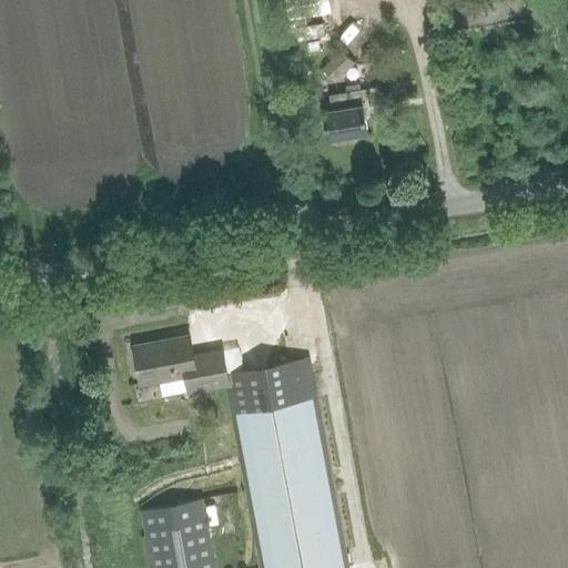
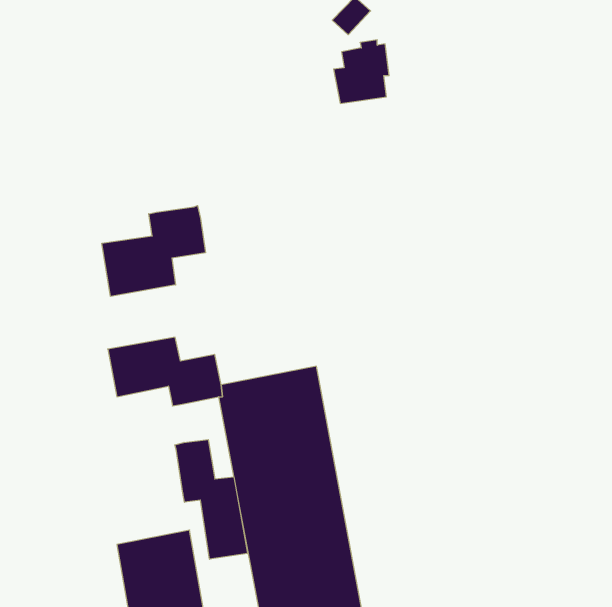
building: none -> [102,206,205,296]
building: none -> [175,440,247,559]

